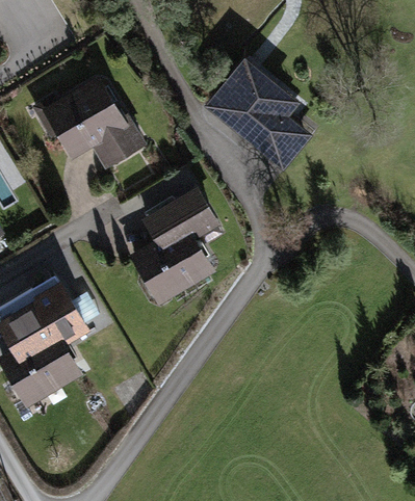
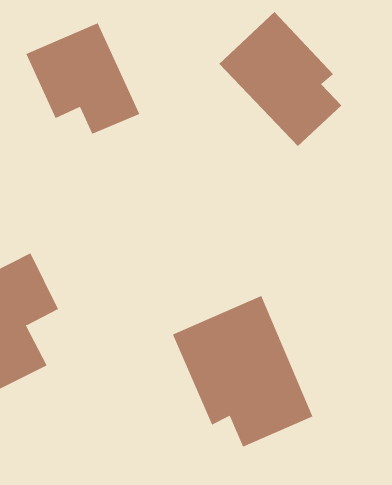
building: [133,188,221,301] -> none
building: none -> [172,295,313,448]

